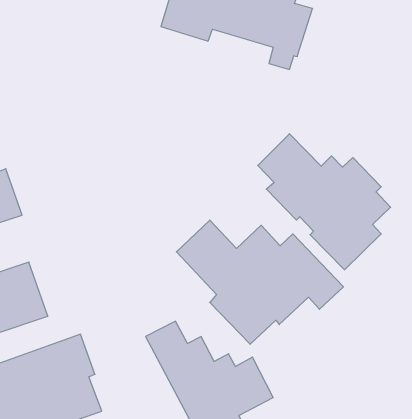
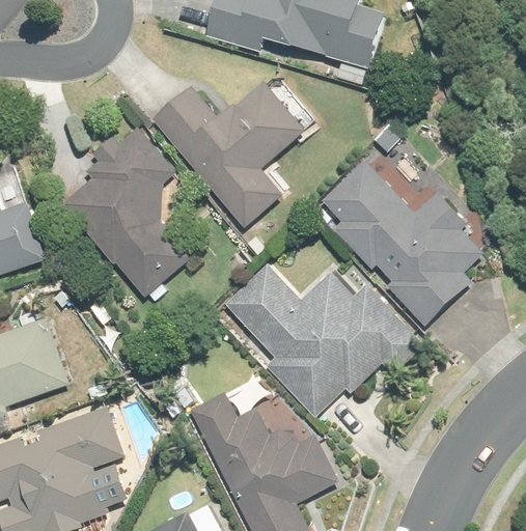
building: none -> [149,82,305,227]
building: none -> [60,127,192,298]

